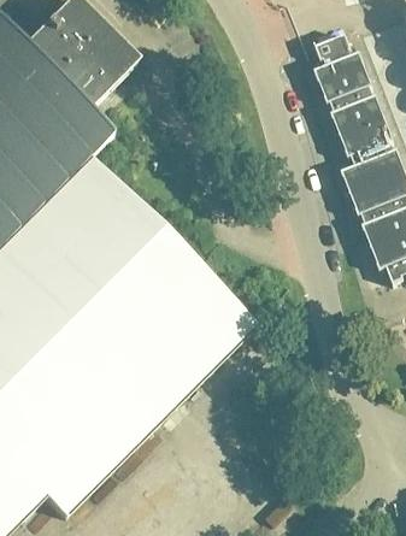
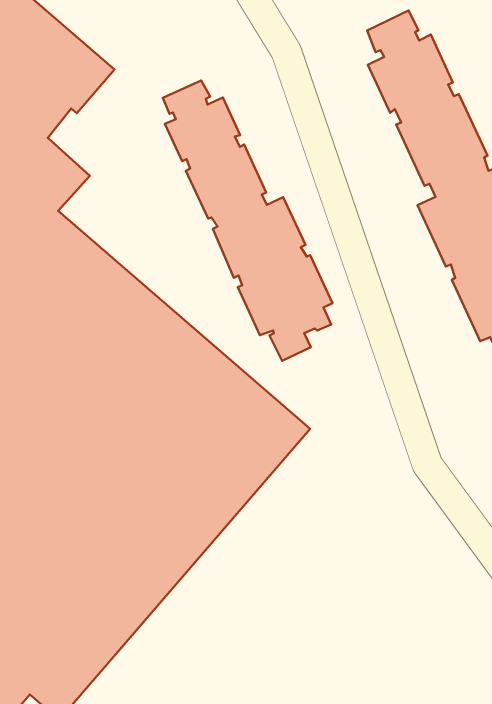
building: none -> [163,81,332,361]

